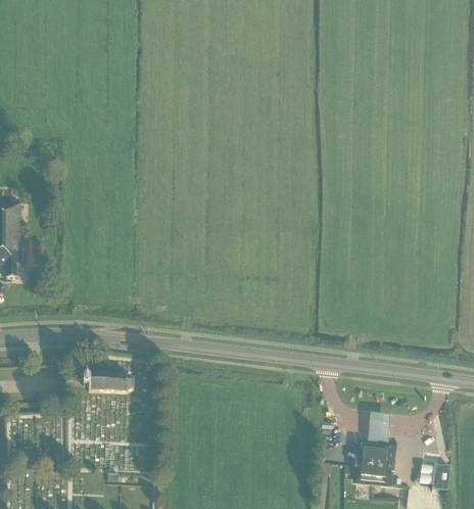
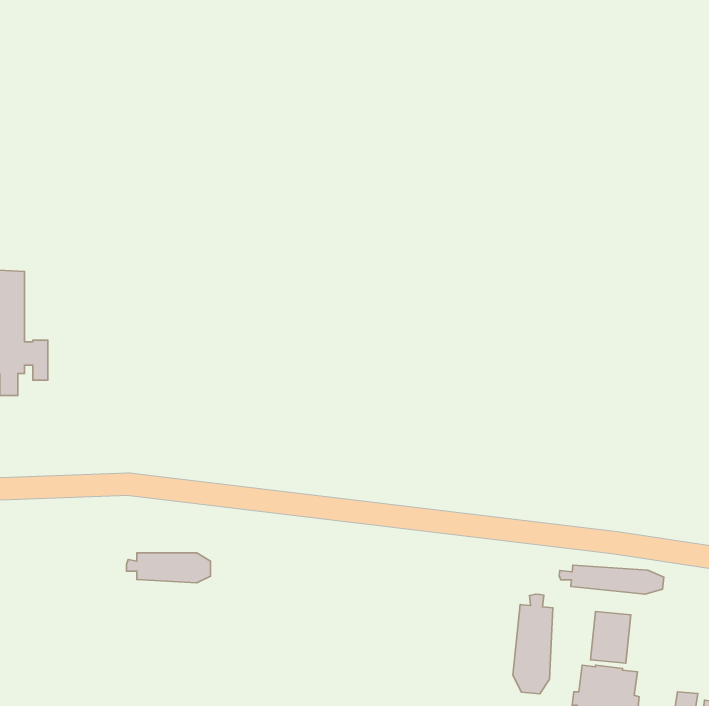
building: none -> [559,565,664,594]
building: none -> [513,594,553,694]

